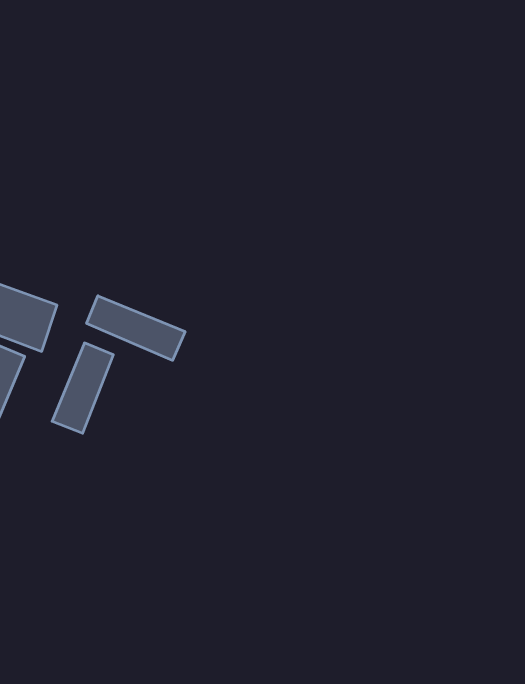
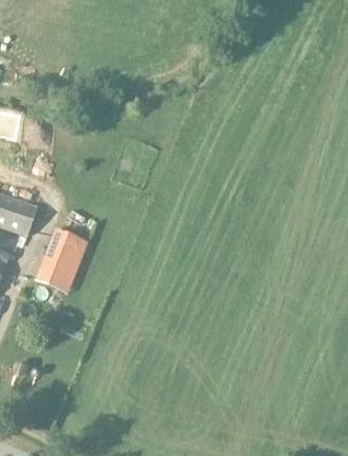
building: [87,296,185,360] -> none

